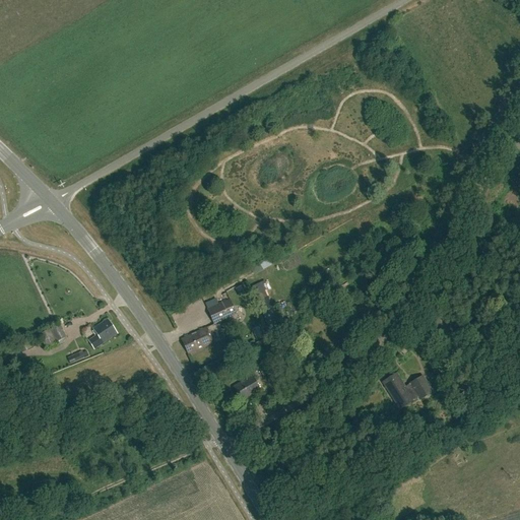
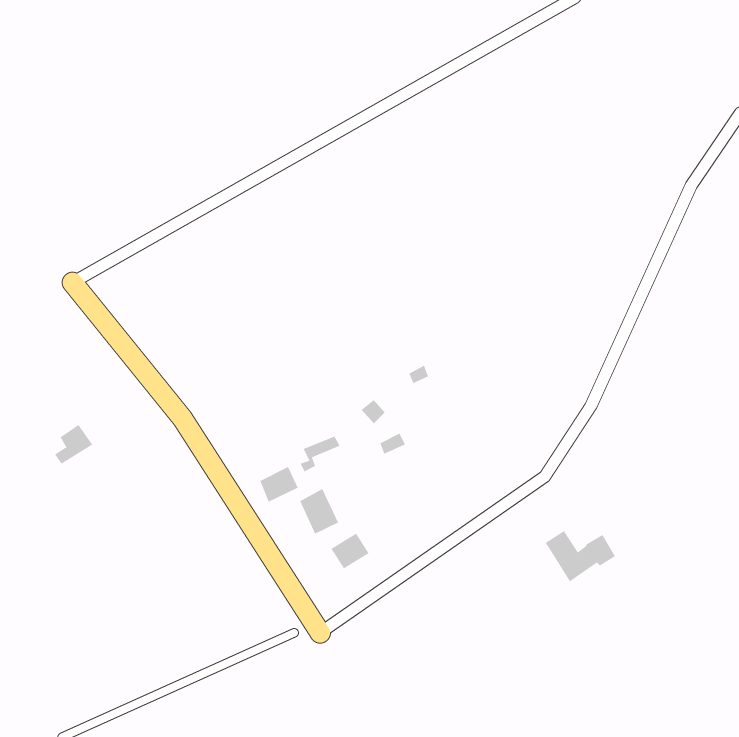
building: [89,318,117,346] -> [54,424,93,465]
building: none -> [300,488,339,534]

